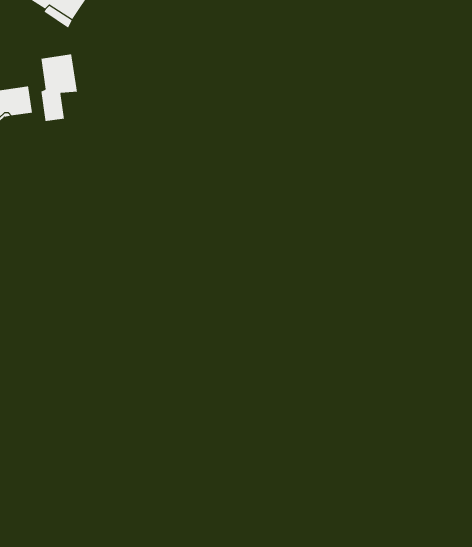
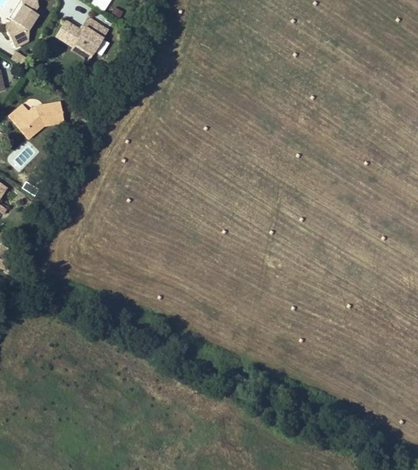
building: [41,54,77,122] -> none

